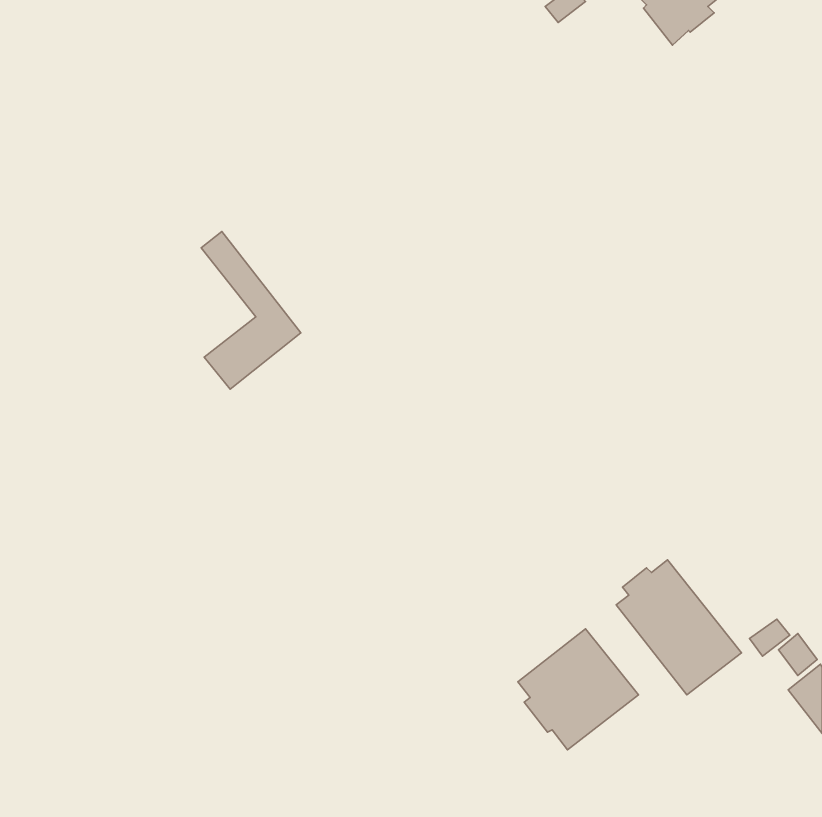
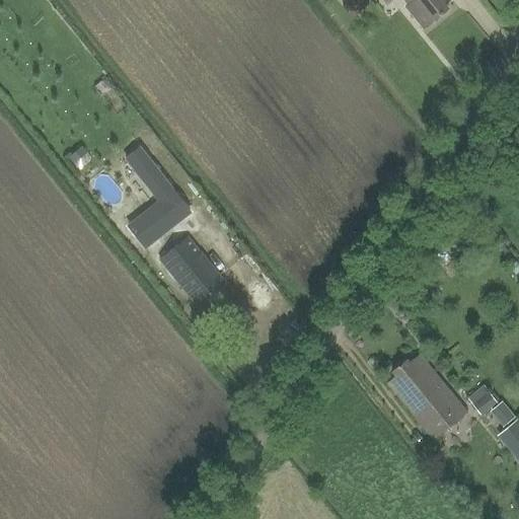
building: none -> [160,235,225,299]
building: [518,629,638,750] -> none

